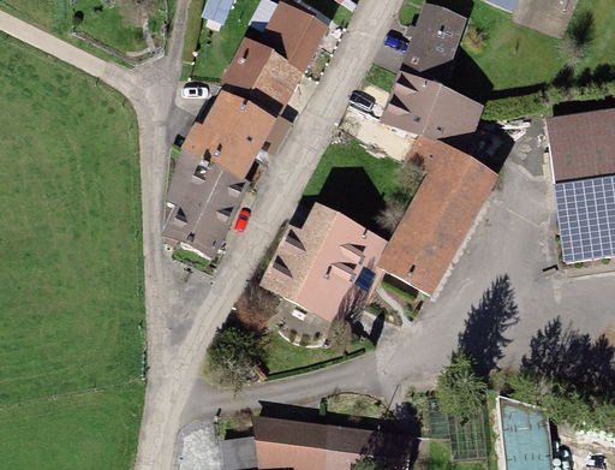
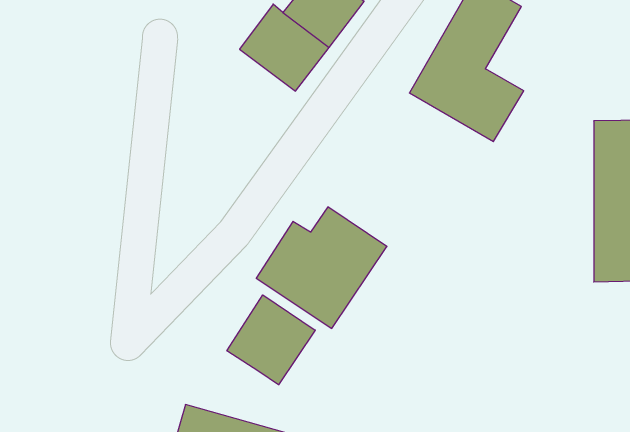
building: [171,108,271,266] -> none
building: [378,132,488,278] -> none
building: none -> [227,295,315,385]

